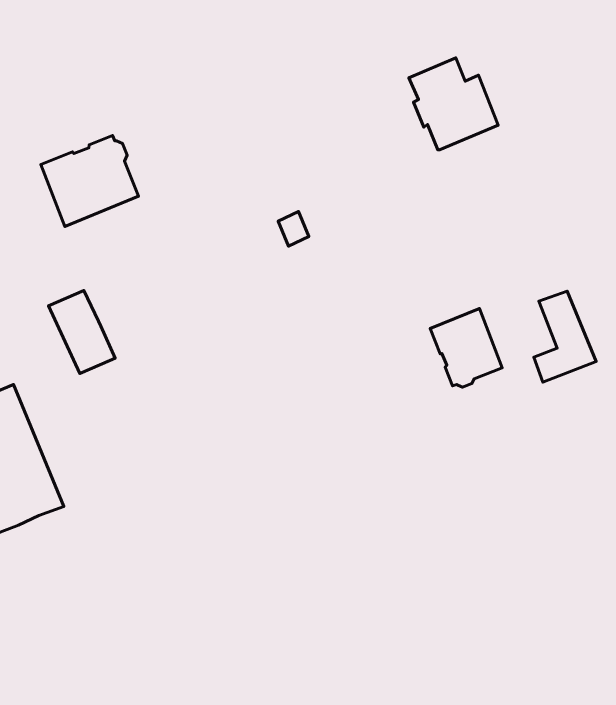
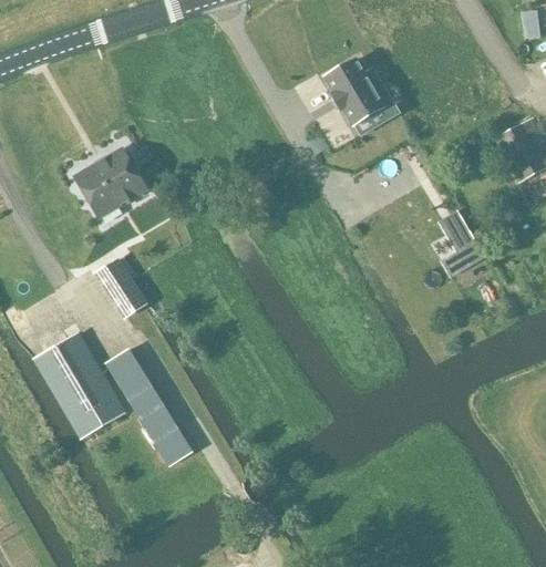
building: [430,309,502,387] -> none
building: none -> [105,349,192,465]

